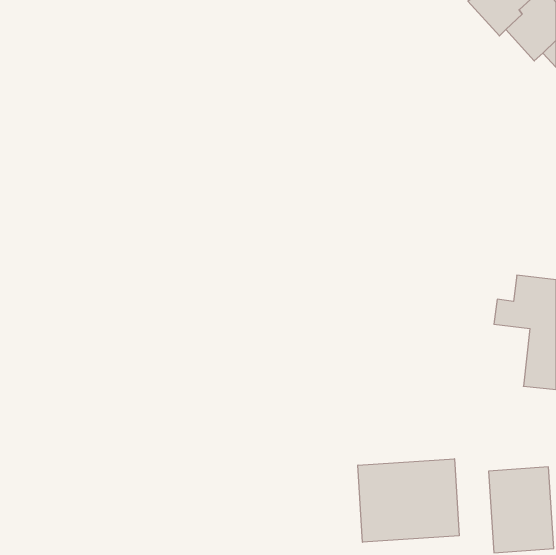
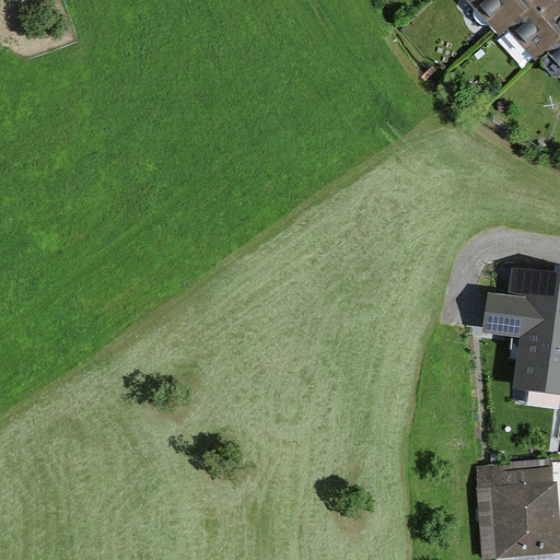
building: [358,459,459,542] -> none

